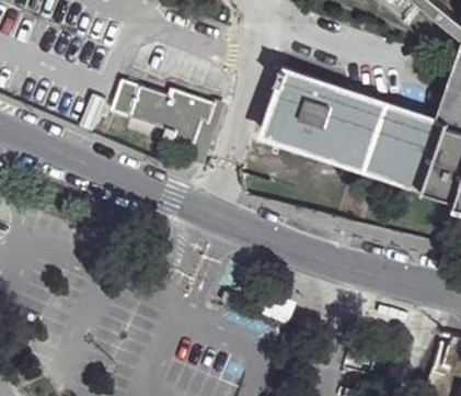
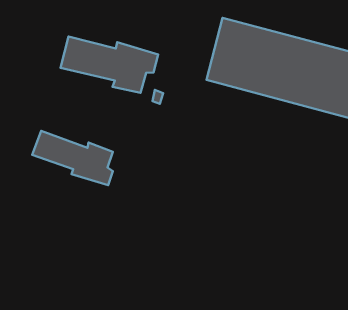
building: none -> [32,131,113,185]

